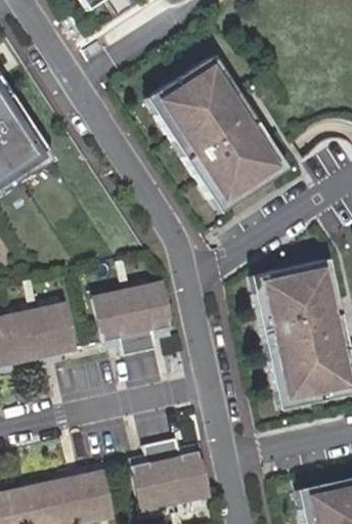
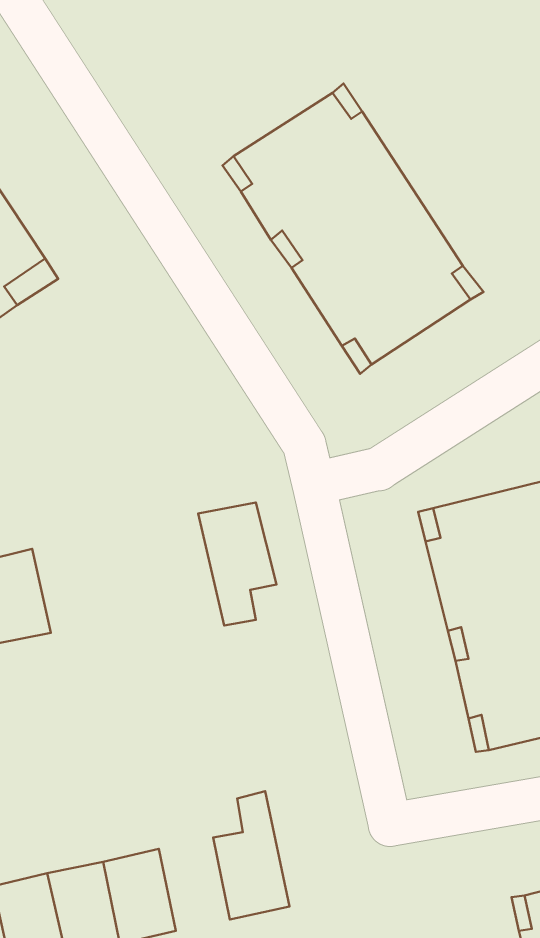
building: [95,287,143,352] -> none
building: [38,300,78,352] -> none
building: [166,436,213,503] -> none

